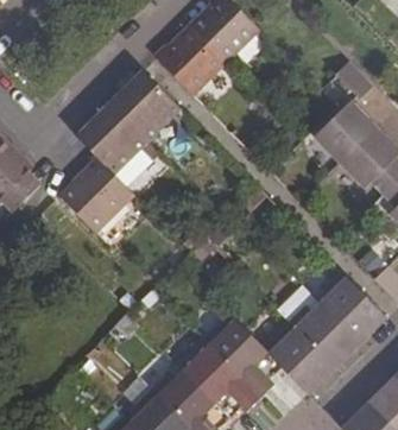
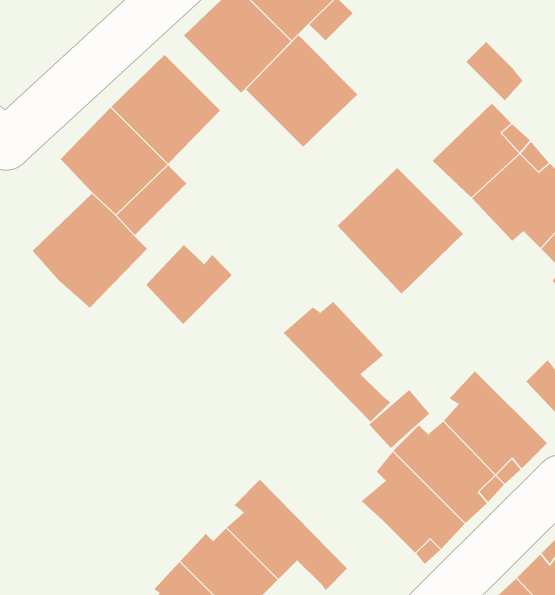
building: none -> [245,35,358,148]
building: none -> [337,167,464,295]
building: none -> [146,244,233,325]
building: [206,320,274,397] -> [283,301,391,423]

